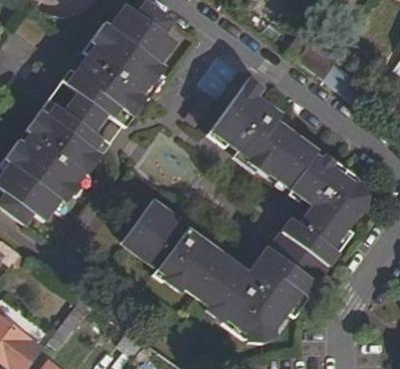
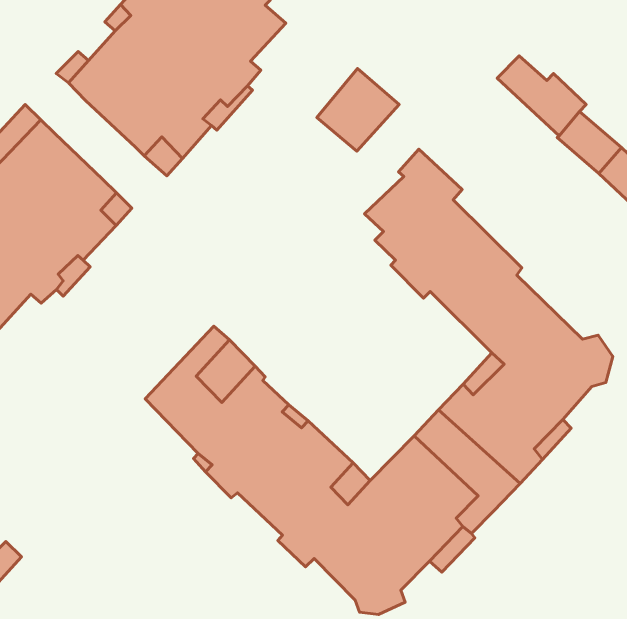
building: [210,74,261,145] -> none
building: [61,91,105,131] -> none

